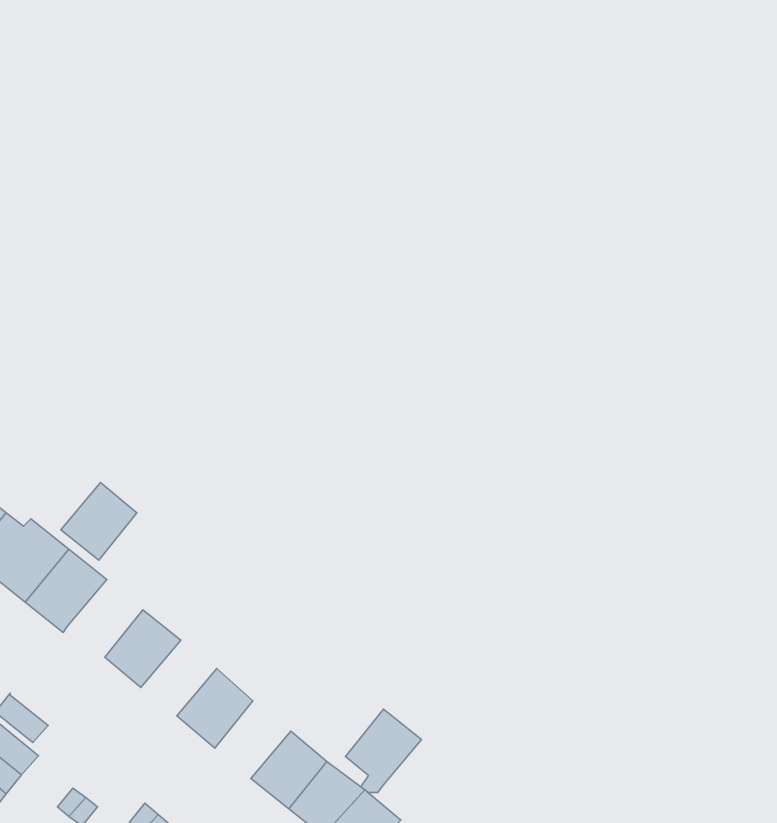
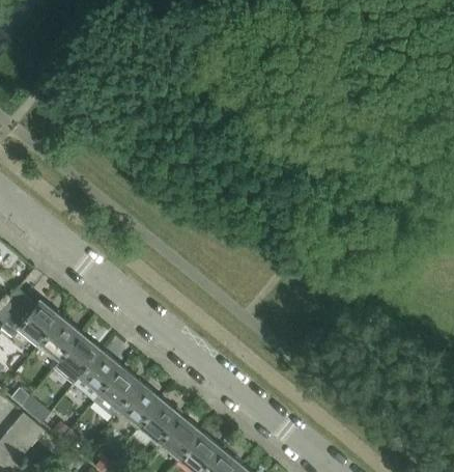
building: [61,482,137,560] -> [60,335,102,378]
building: none -> [101,368,142,410]
building: [346,709,422,793] -> [141,401,182,447]

